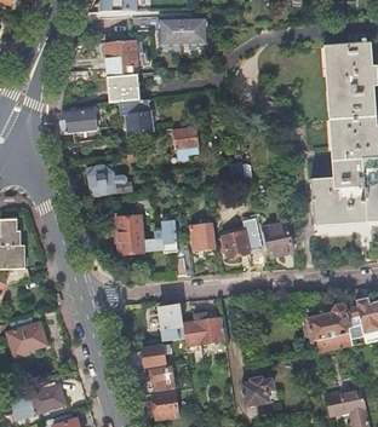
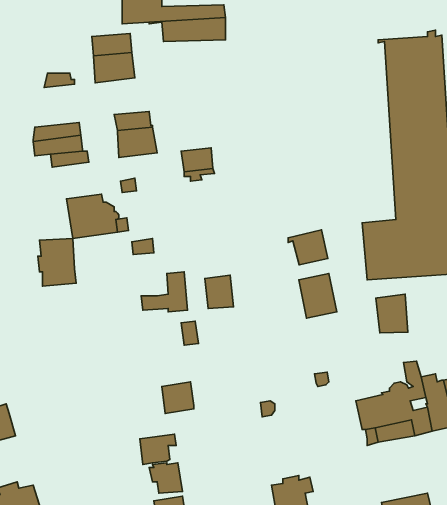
building: [107,73,139,100] -> none
building: [114,215,143,252] -> [38,239,76,286]
building: [218,229,248,255] -> [288,230,328,265]
building: none -> [376,294,408,333]
building: [182,311,224,351] -> none

